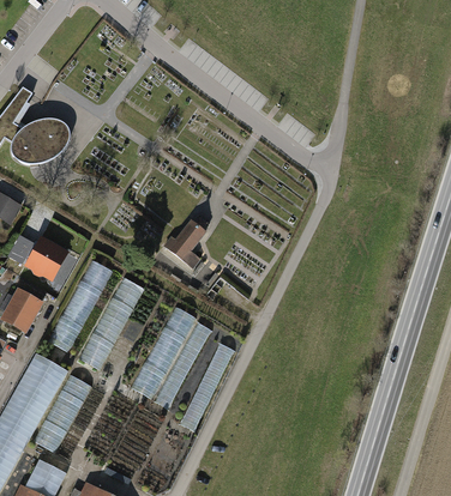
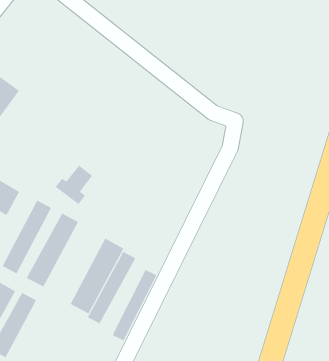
building: [162,218,208,266] -> [55,165,93,205]

